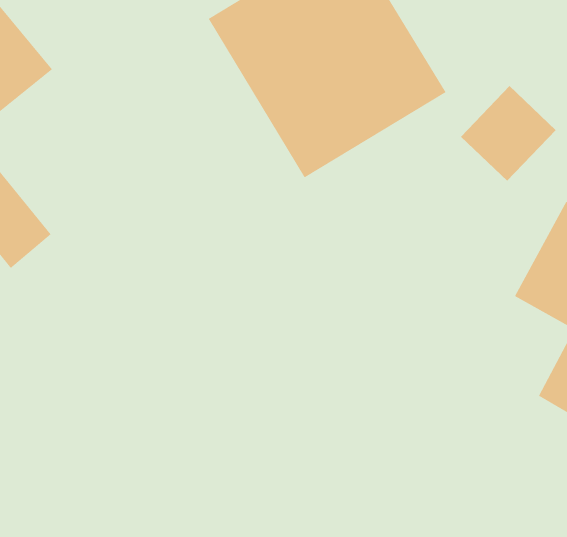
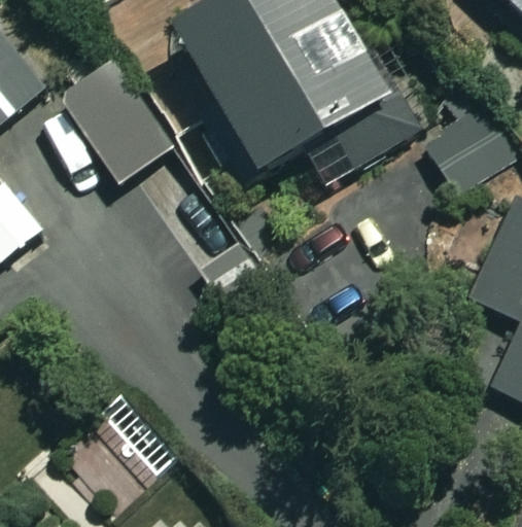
building: none -> [64,66,173,185]

